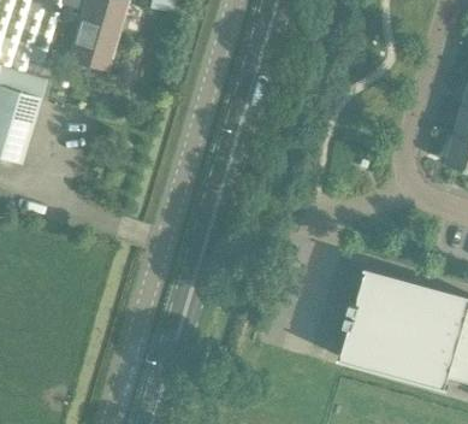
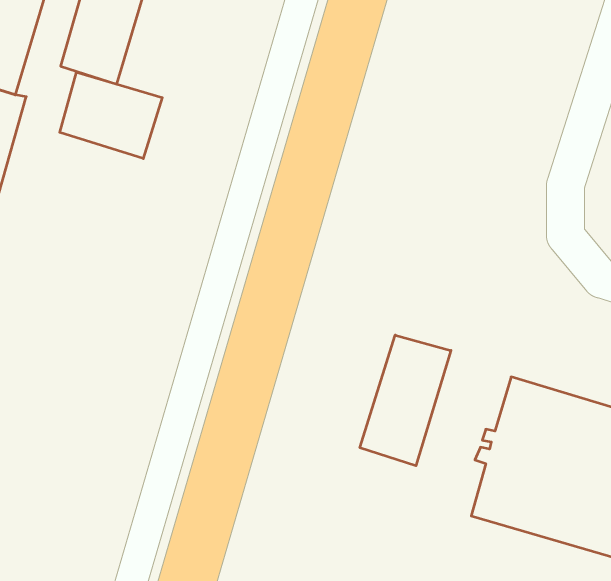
building: none -> [60,72,162,159]
building: none -> [360,335,451,466]

